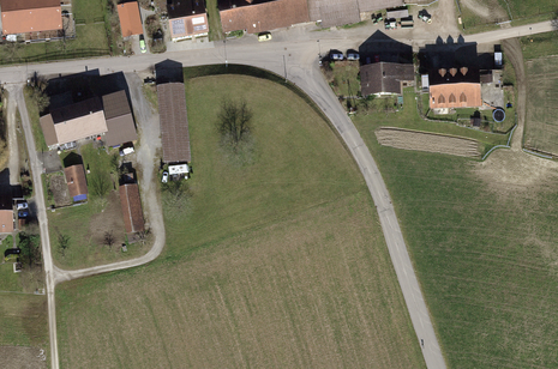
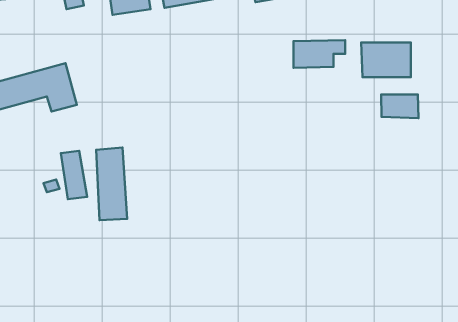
building: [157,85,190,161] -> [96,148,127,220]
building: none -> [381,95,418,118]
building: [64,162,86,194] -> none

